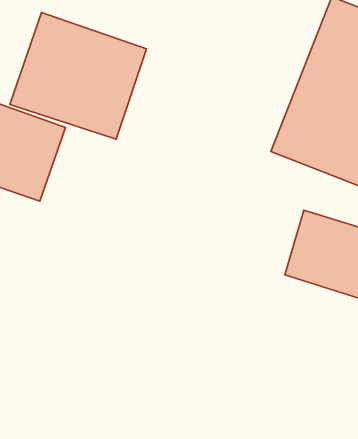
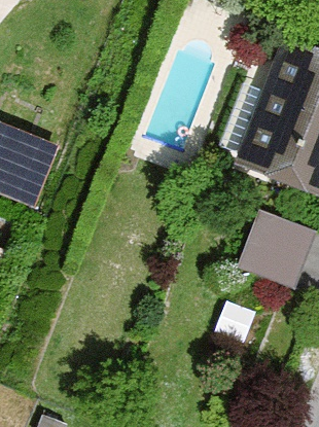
building: [10,13,147,139] -> none

